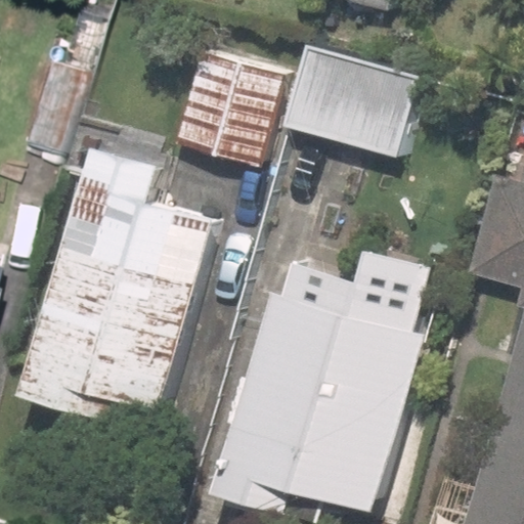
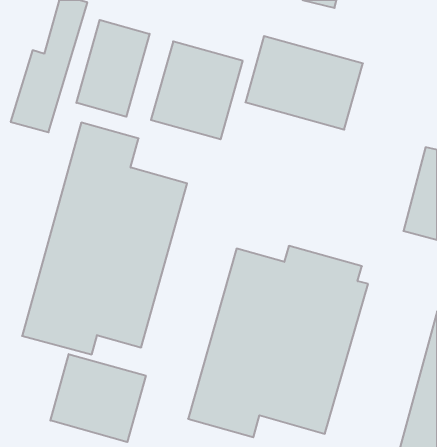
building: none -> [76,20,150,117]
building: none -> [50,354,146,442]

